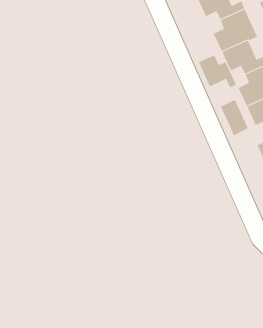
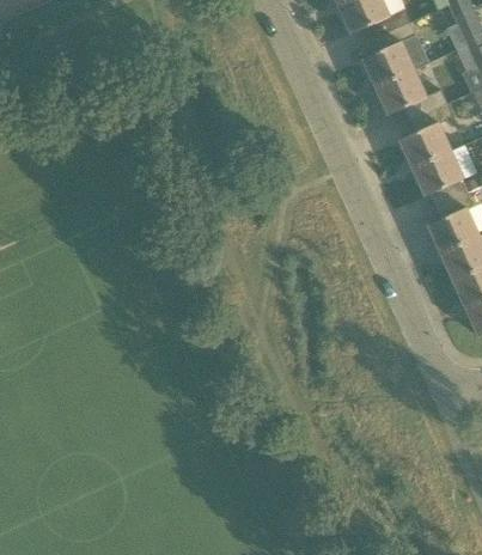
building: [198,54,237,88] -> none
building: [220,99,248,136] -> none

